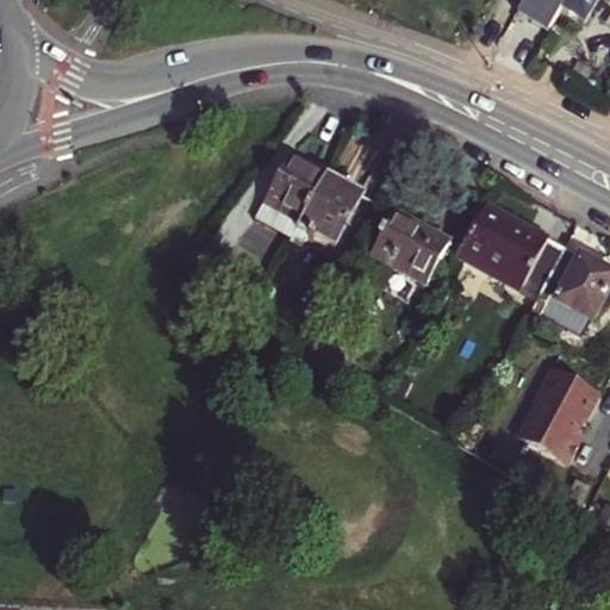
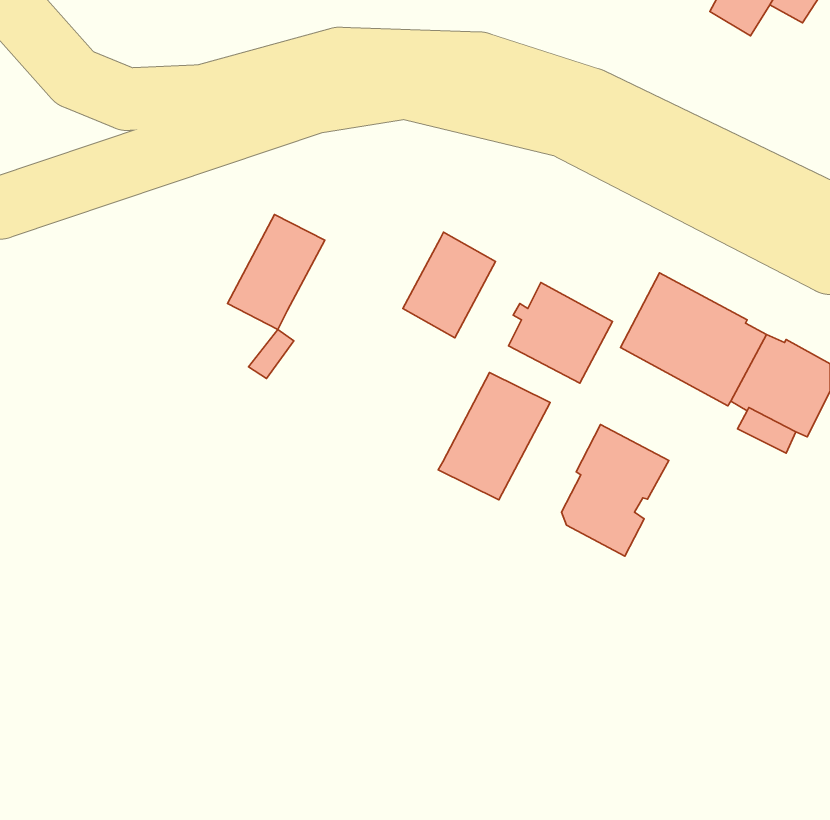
building: [251,156,323,241] -> [227,214,325,330]
building: none -> [438,372,550,500]
building: [522,365,600,461] -> [561,425,669,556]

